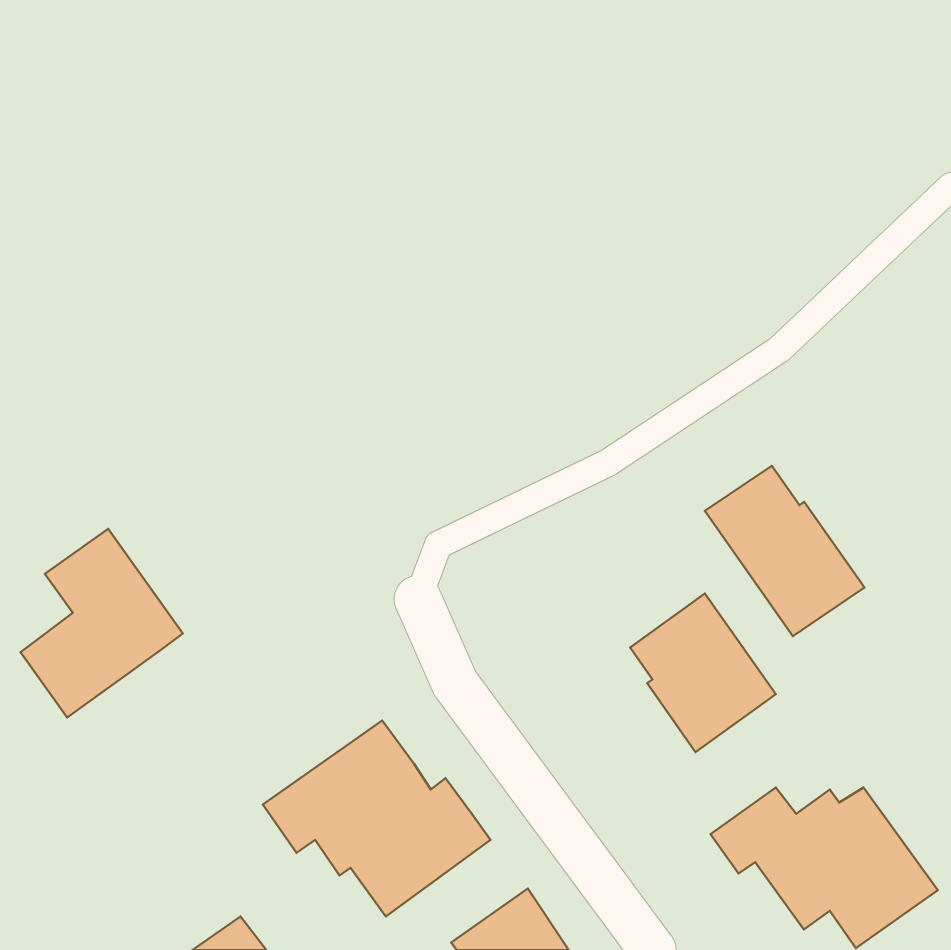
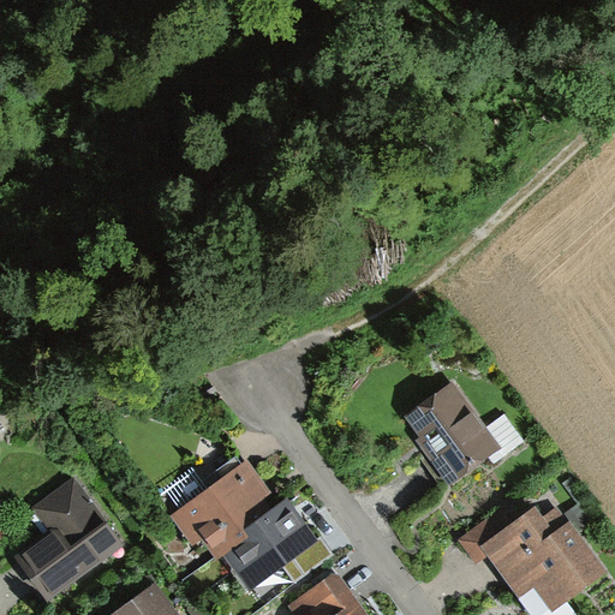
building: [705,466,865,636] -> none
building: [21,529,183,717] -> [17,478,121,599]

